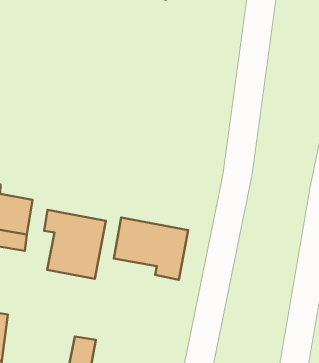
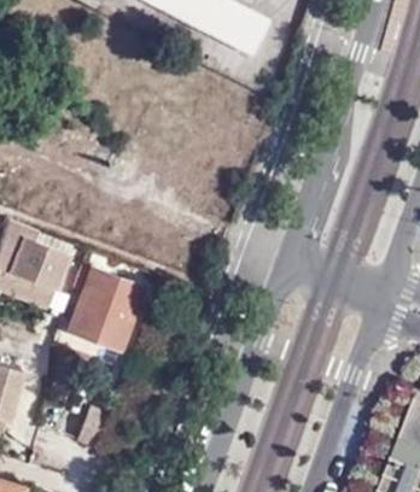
building: [114,218,188,280] -> none

